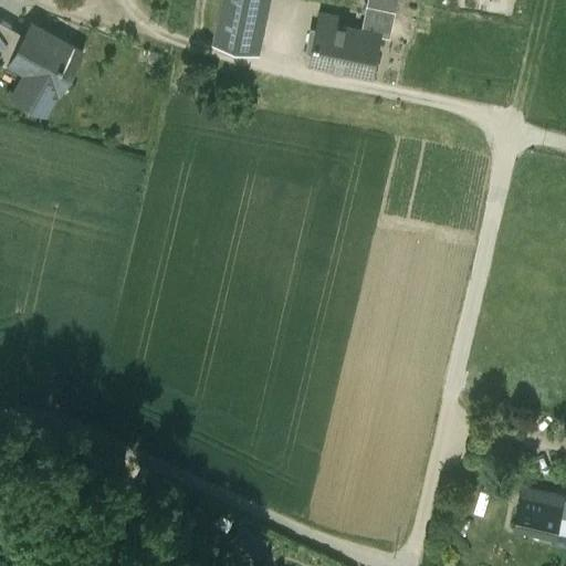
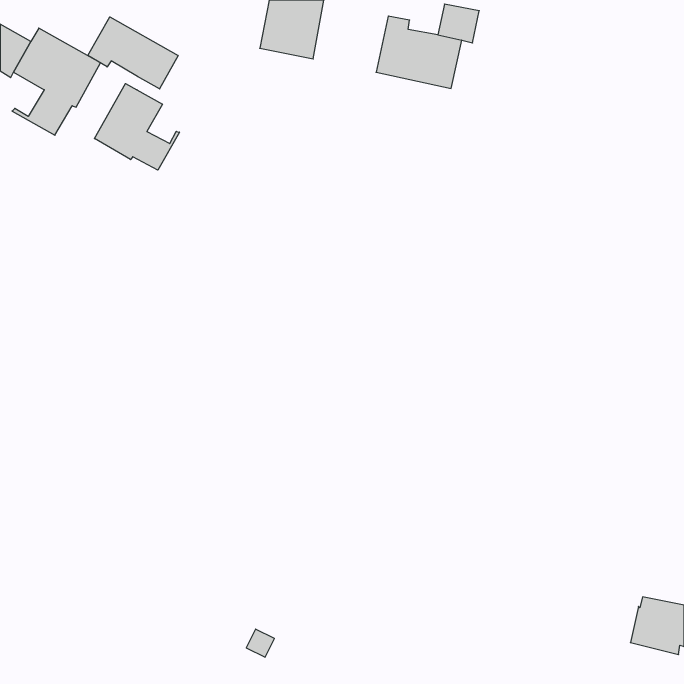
building: none -> [88,17,178,89]
building: none -> [94,84,179,170]

